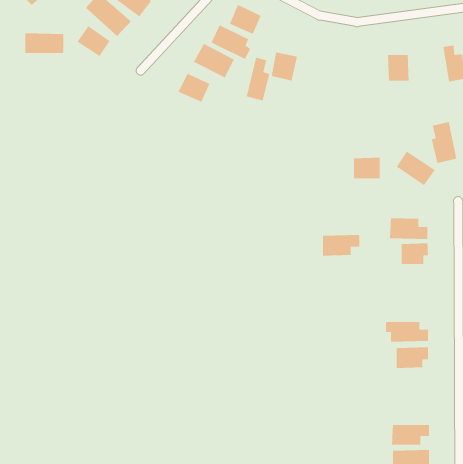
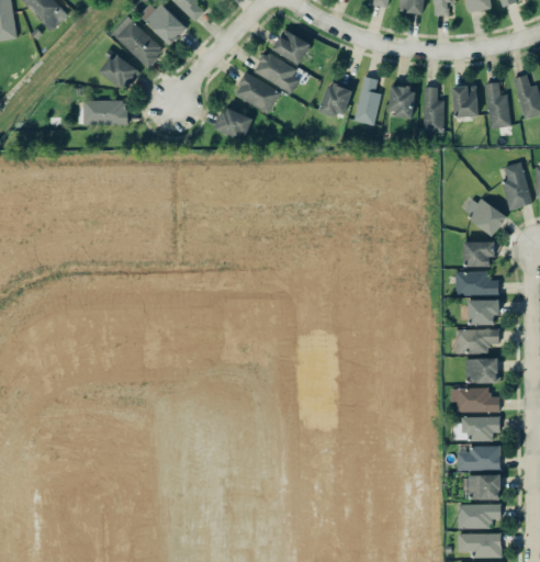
building: [24,33,64,54] -> [82,100,127,124]
building: none -> [484,81,511,128]
building: none -> [389,86,415,116]
building: none -> [423,86,445,132]
building: [246,57,270,102] -> [353,75,381,125]
building: [353,157,380,179] -> [463,240,494,266]
building: [322,234,360,256] -> [455,328,498,353]
building: none -> [465,358,498,383]
building: none -> [457,446,500,470]
building: none -> [464,474,500,499]

